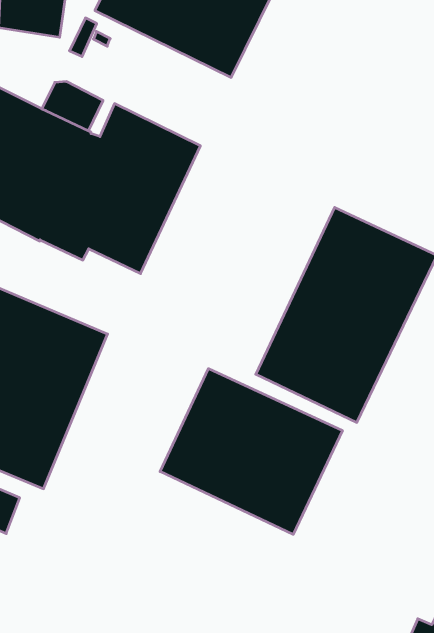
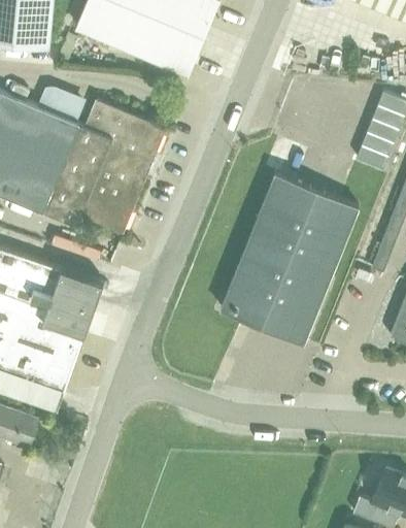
building: [160,369,342,534] -> none

